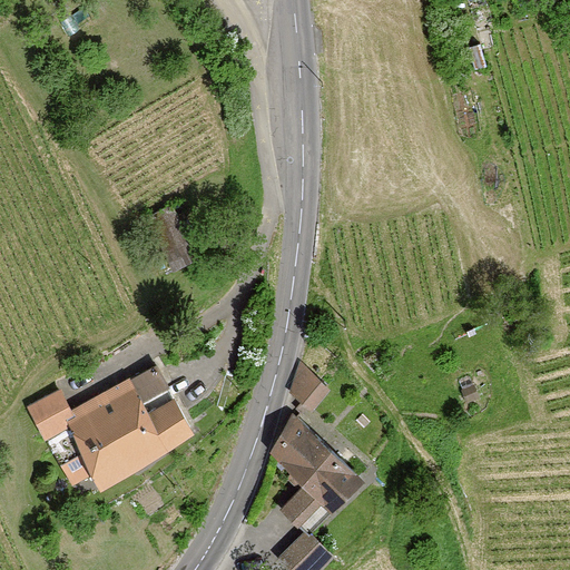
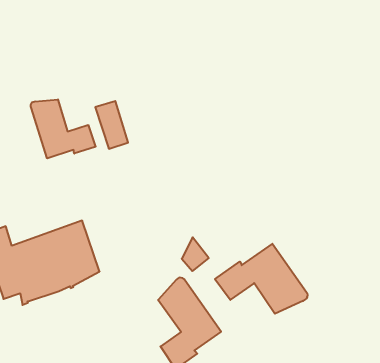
building: none -> [31,99,96,158]
building: none -> [215,244,308,314]

